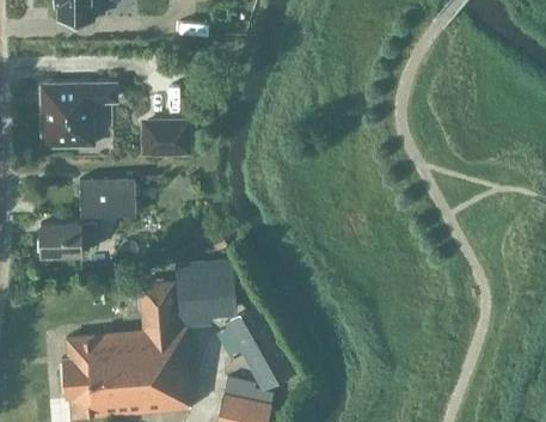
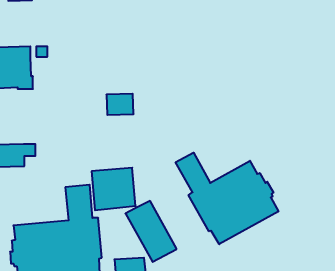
building: [143,124,182,154] -> [106,94,134,115]
building: [79,181,135,219] -> none
building: none -> [176,153,278,244]

